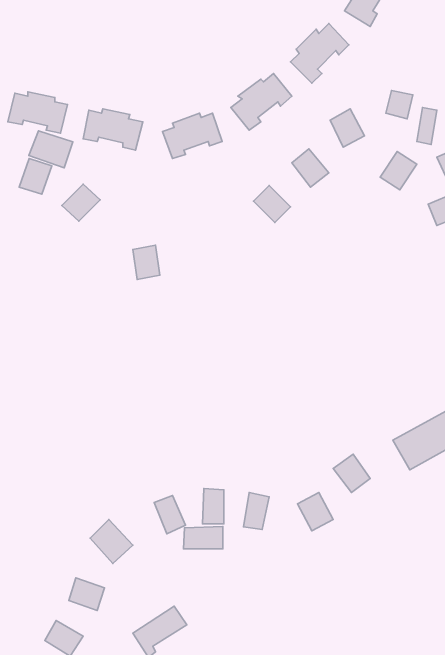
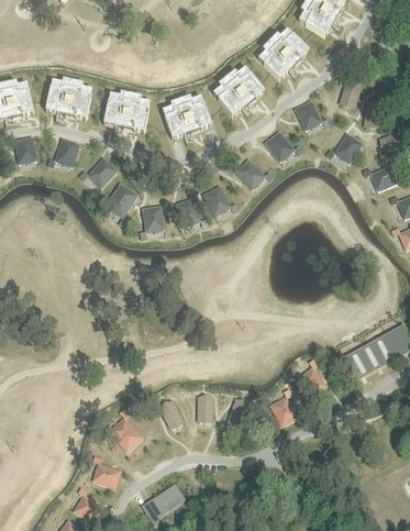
building: [29,131,73,168] -> none
building: none -> [104,184,137,217]
building: none -> [202,186,230,215]
building: none -> [175,198,200,226]
building: [183,527,223,549] -> none

